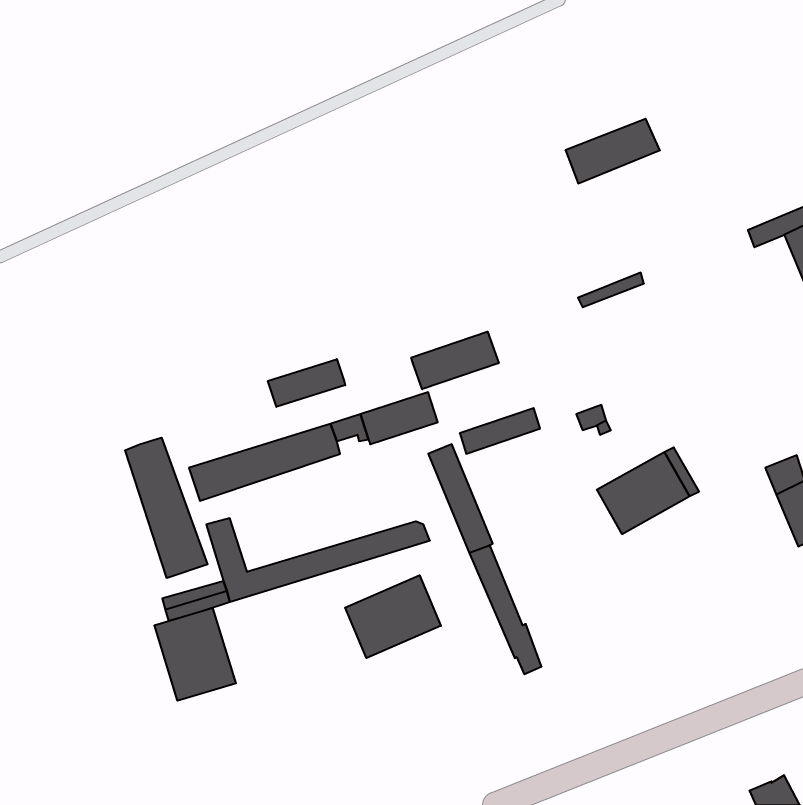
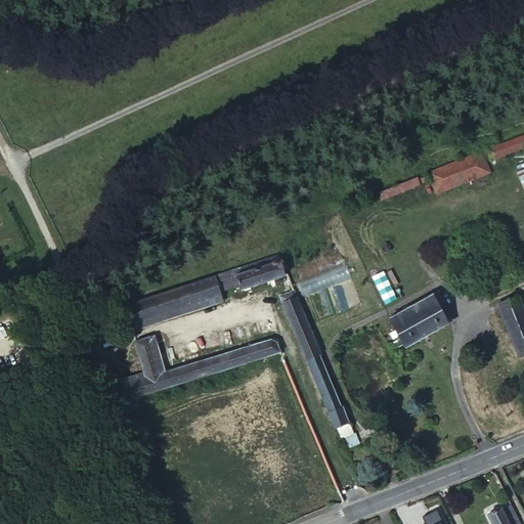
building: [565,119,660,183] -> [429,151,490,193]
building: [411,332,499,389] -> none
building: [268,359,345,407] -> none
building: [125,438,208,578] -> none
building: [345,575,441,658] -> none
building: [154,608,236,701] -> none

